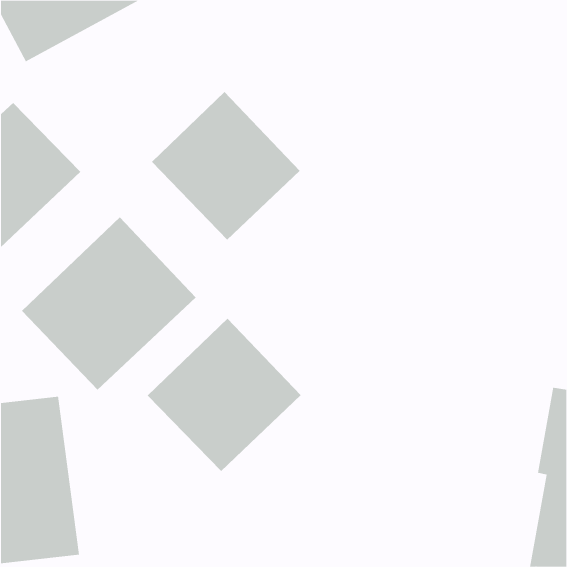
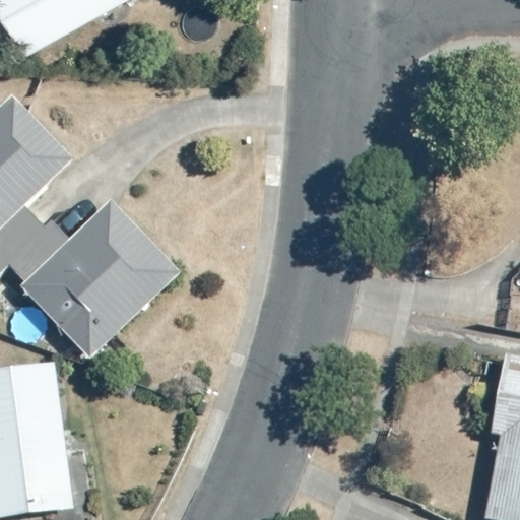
building: [151,91,300,240] -> none
building: [147,318,301,472] -> none

